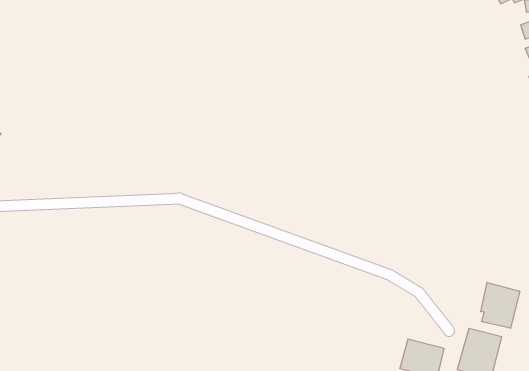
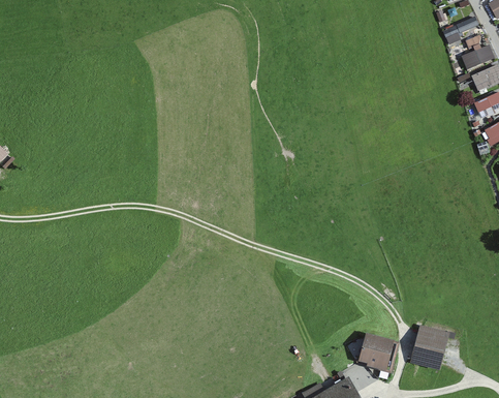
building: [481,282,520,328] -> none

